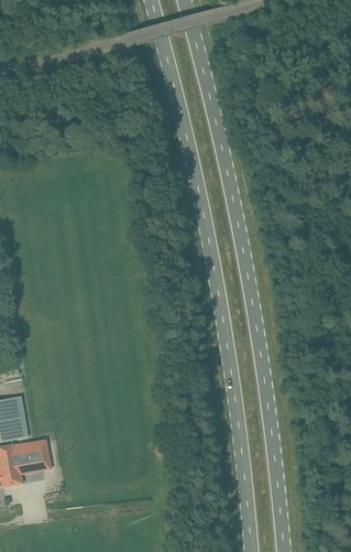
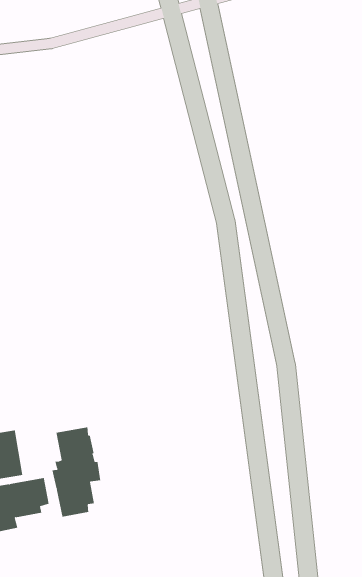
building: none -> [52,426,101,518]

